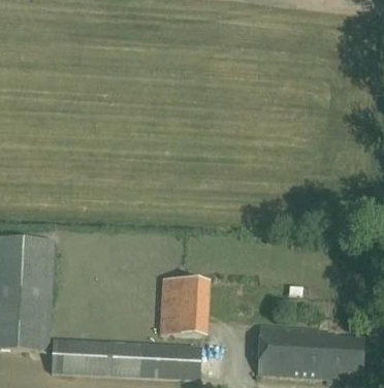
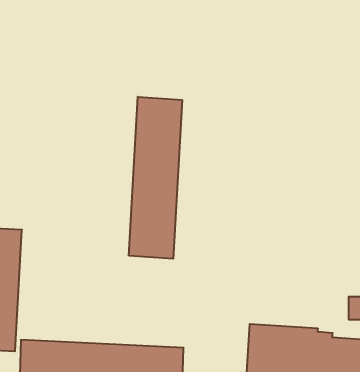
building: none -> [129,97,182,259]
building: [160,278,211,337] -> none

